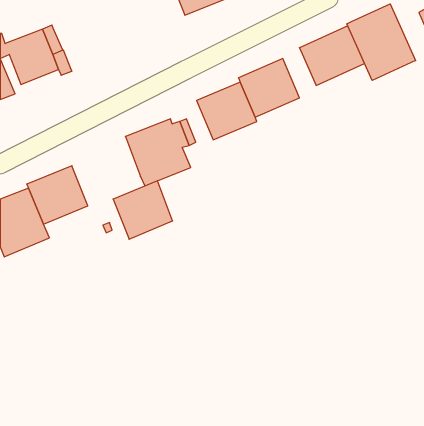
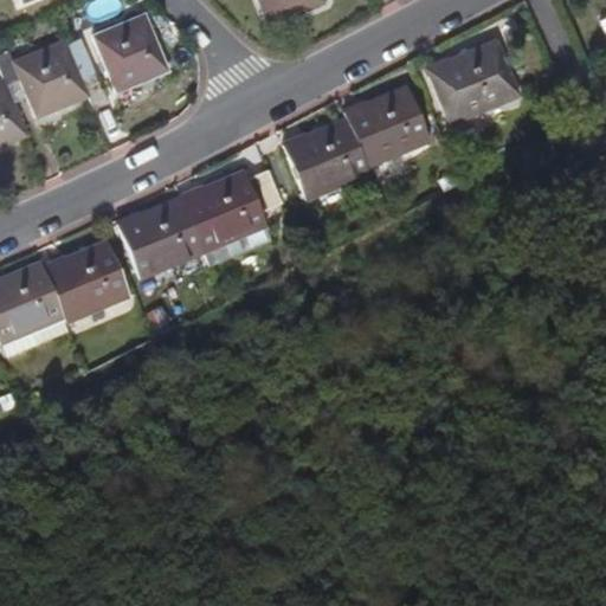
building: [347,4,416,80] -> none
building: none -> [92,15,168,95]
building: [113,181,173,239] -> [120,193,204,276]

